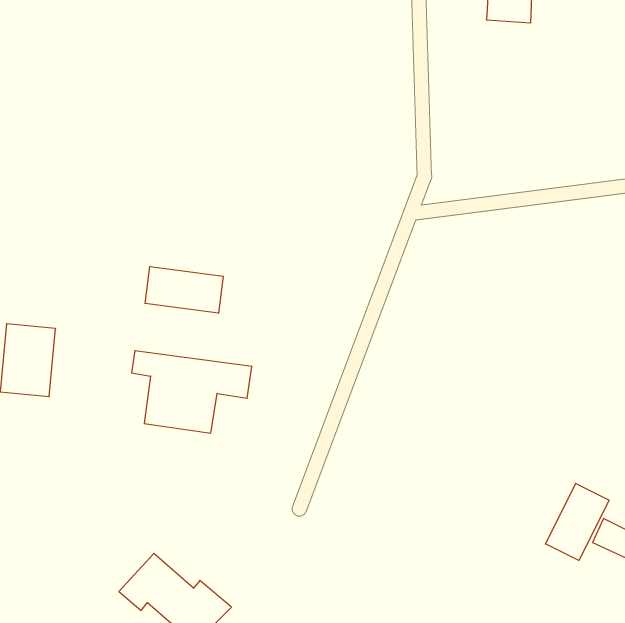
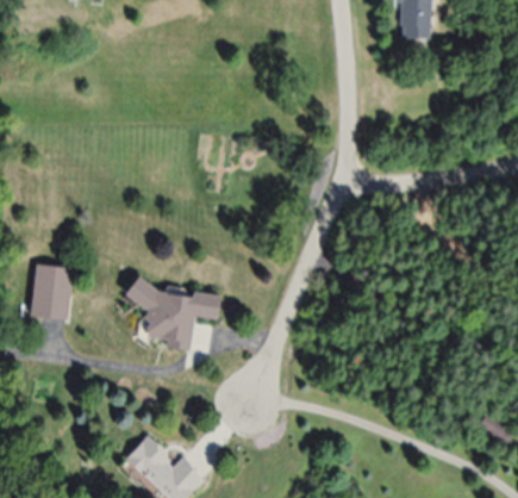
building: [145,266,223,313] -> none
building: [545,483,609,560] -> none

